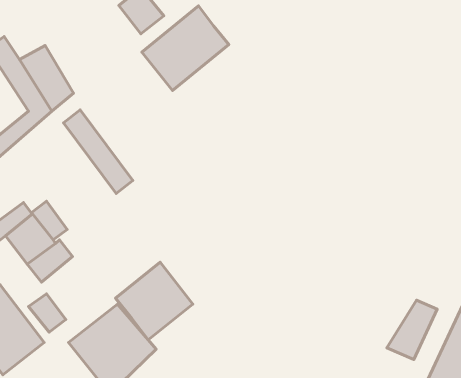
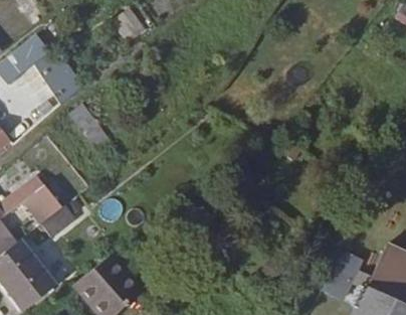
building: [142,6,229,91] -> none
building: [116,262,193,340] -> none

